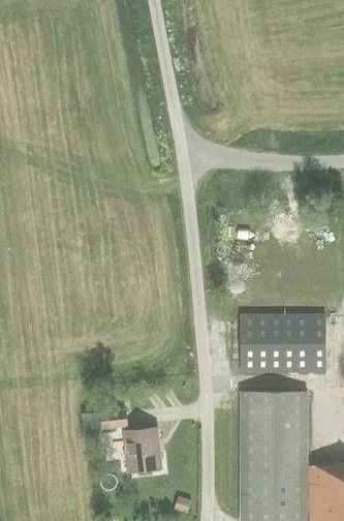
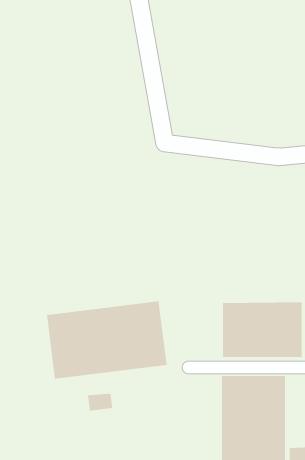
building: none -> [47,301,167,380]
building: [123,428,161,472] -> none

